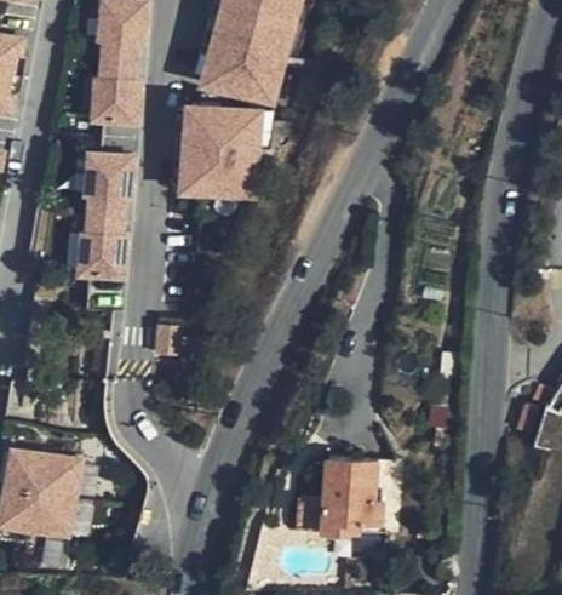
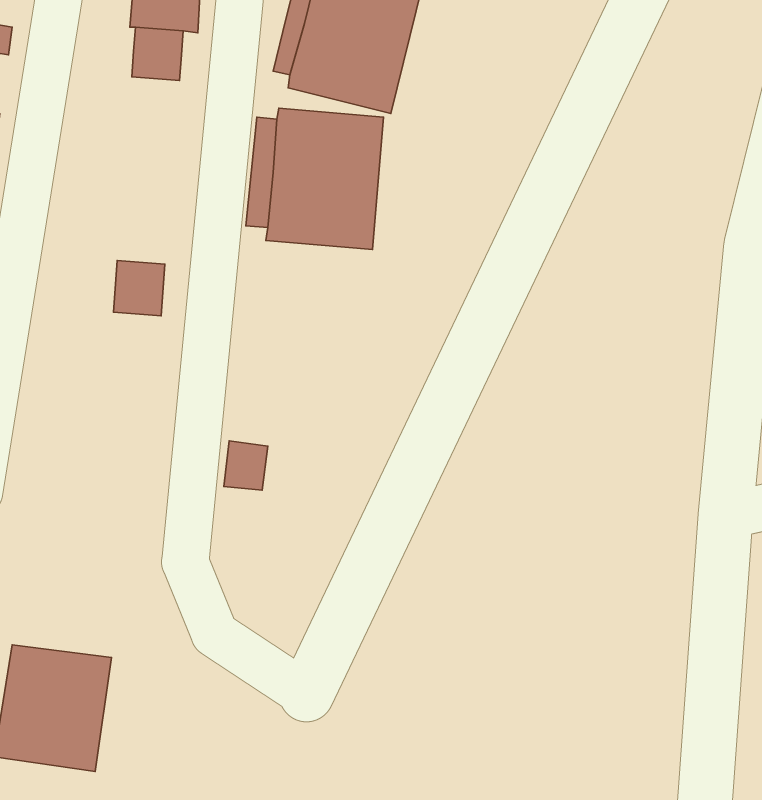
building: [91,79,139,127] -> none
building: [85,156,133,204] -> none
building: [79,234,127,280] -> none
building: [296,457,394,536] -> none

